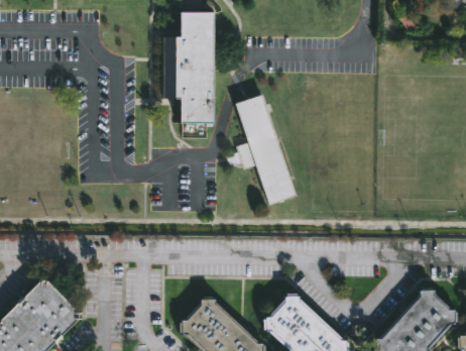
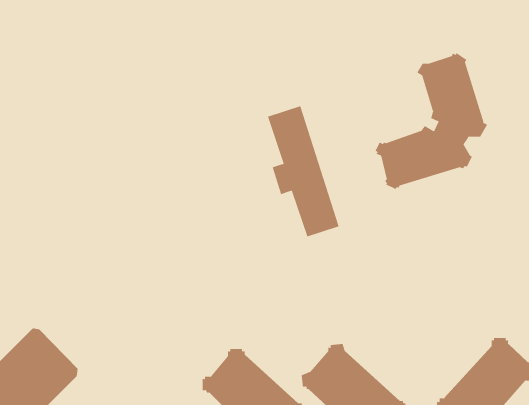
building: [164,11,212,123] -> none
building: none -> [375,52,488,190]

